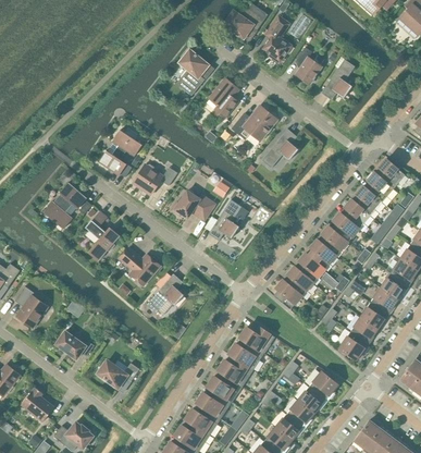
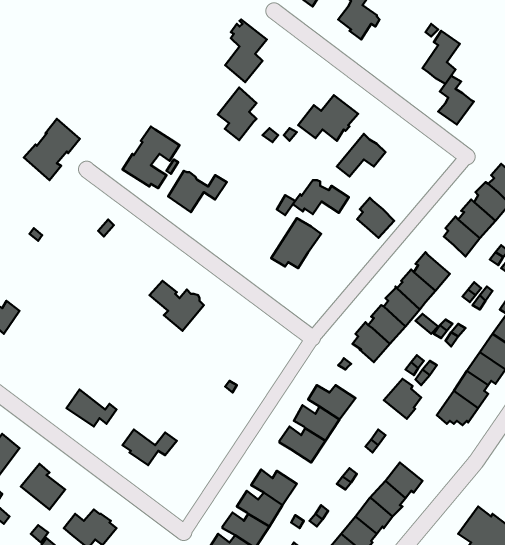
building: [295,47,322,84] -> [438,76,474,124]
building: [209,77,238,118] -> [218,87,256,140]
building: [44,182,86,229] -> [24,119,80,180]
building: [172,191,214,217] -> [293,180,349,214]
building: [86,211,120,260] -> none
building: [331,211,359,242] -> [357,198,394,238]
building: [147,273,184,313] -> none
building: [14,285,48,328] -> none
building: [309,369,337,400] -> [384,379,421,419]
building: [207,375,242,402] -> none

